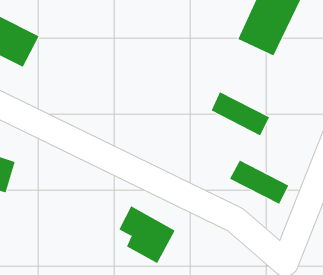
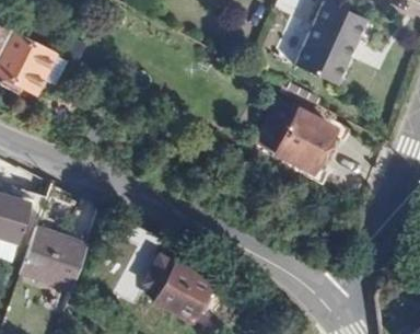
building: [229,160,289,204] -> [266,100,335,151]
building: none -> [25,227,91,289]

